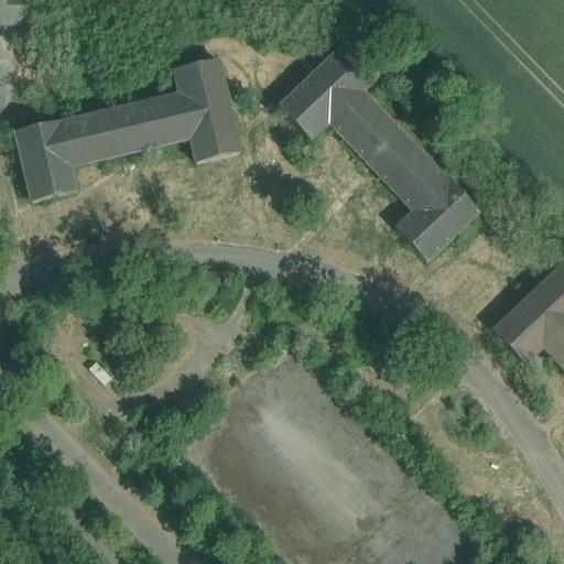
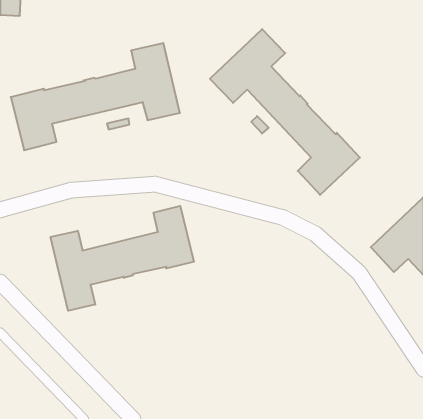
building: none -> [51,206,194,311]

